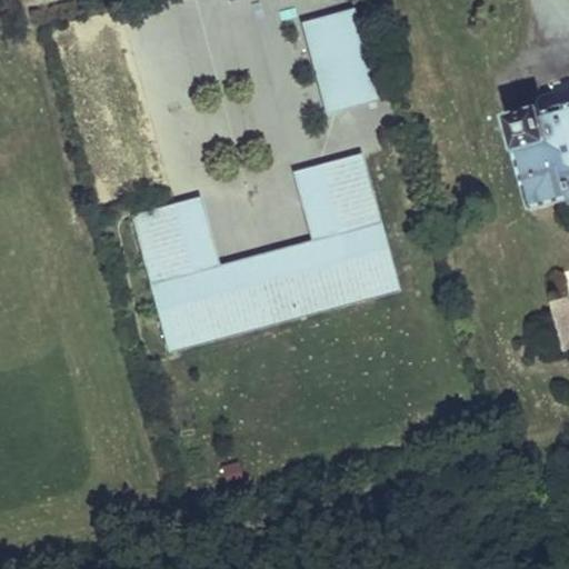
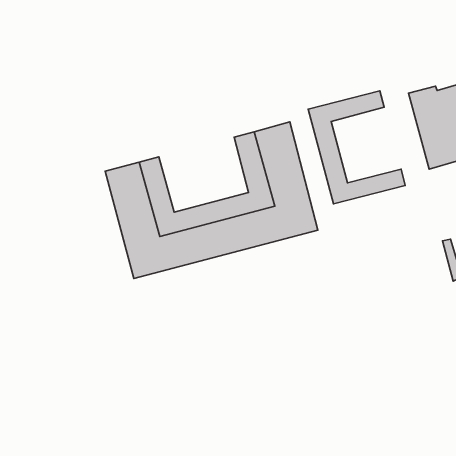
building: [303,9,375,113] -> none
building: none -> [308,91,405,204]

